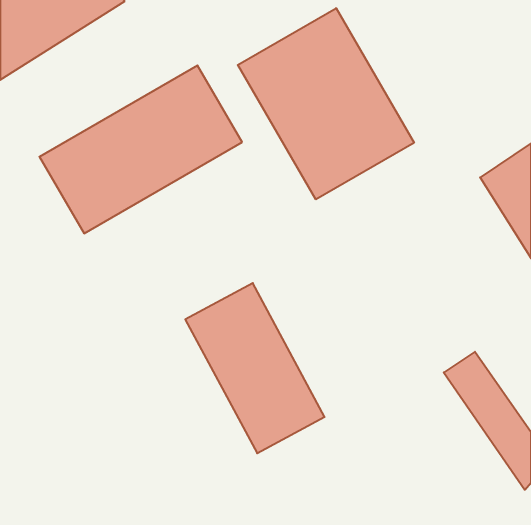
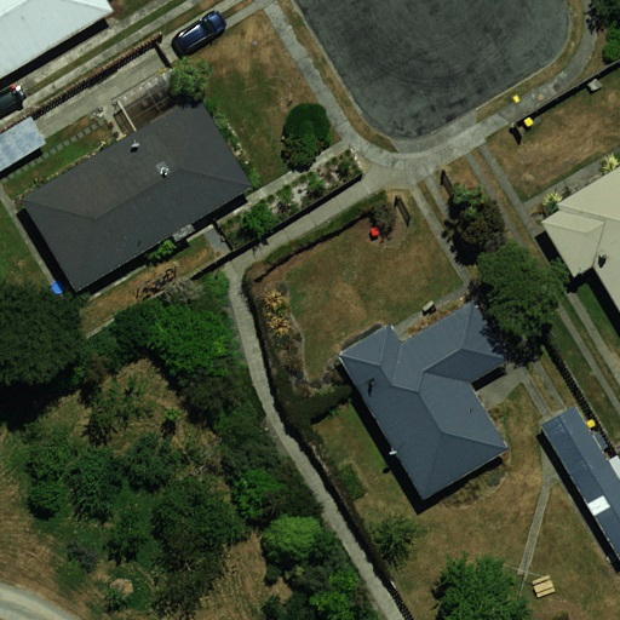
building: [238,8,414,199] -> none
building: [185,283,325,453] -> [341,306,504,505]

